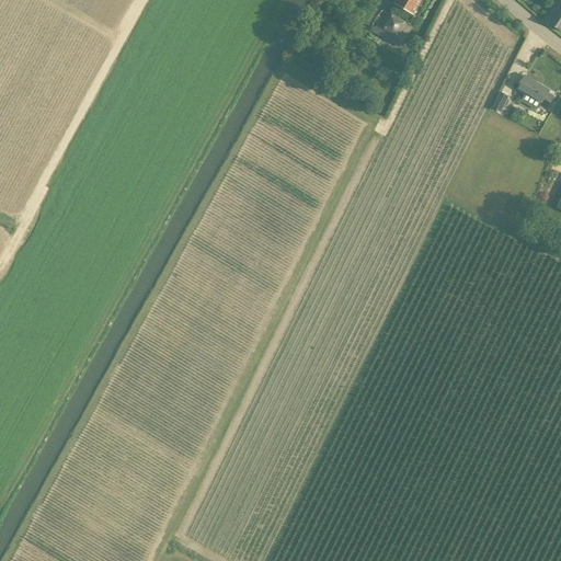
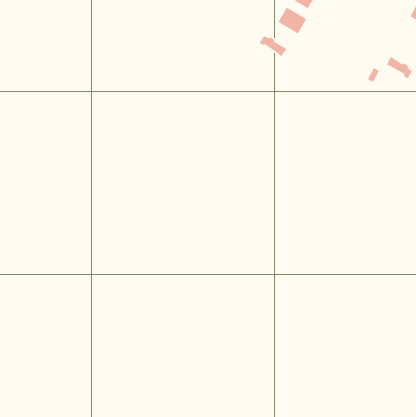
building: none -> [258,35,287,57]

